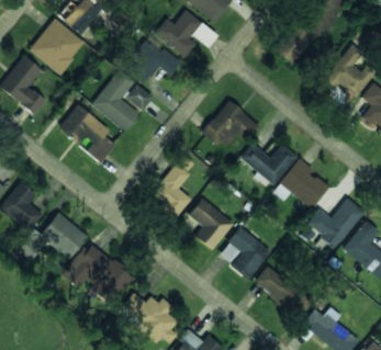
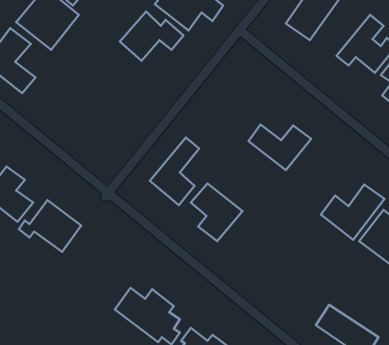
building: [92,69,154,131] -> none
building: [202,99,254,148] -> none
building: [58,104,114,161] -> none
building: [279,158,328,207] -> none
building: [218,227,271,280] -> none
building: [64,241,134,307] -> none
building: [254,264,300,308] -> none

